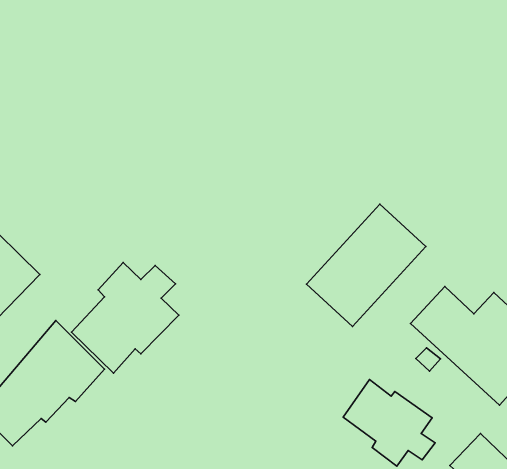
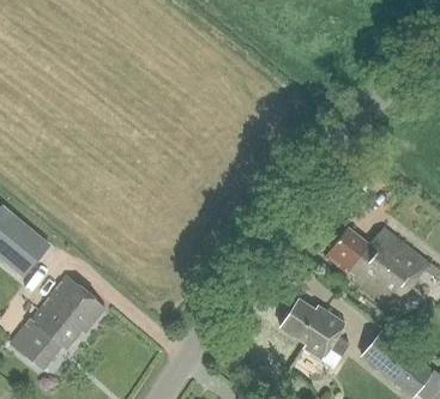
building: [307,204,426,326] -> none
building: [72,263,179,373] -> none

